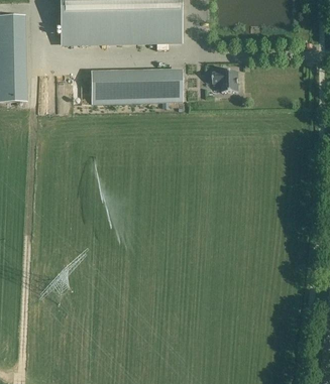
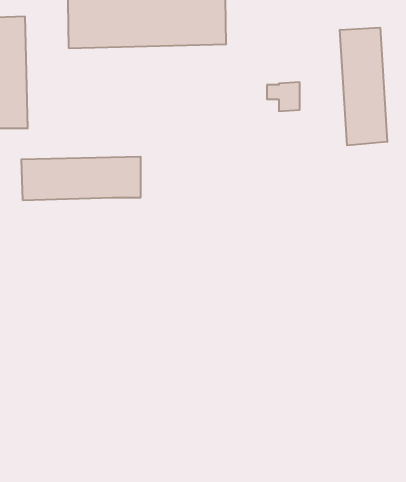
building: none -> [340,28,387,145]
building: [89,69,181,102] -> [21,157,141,200]

